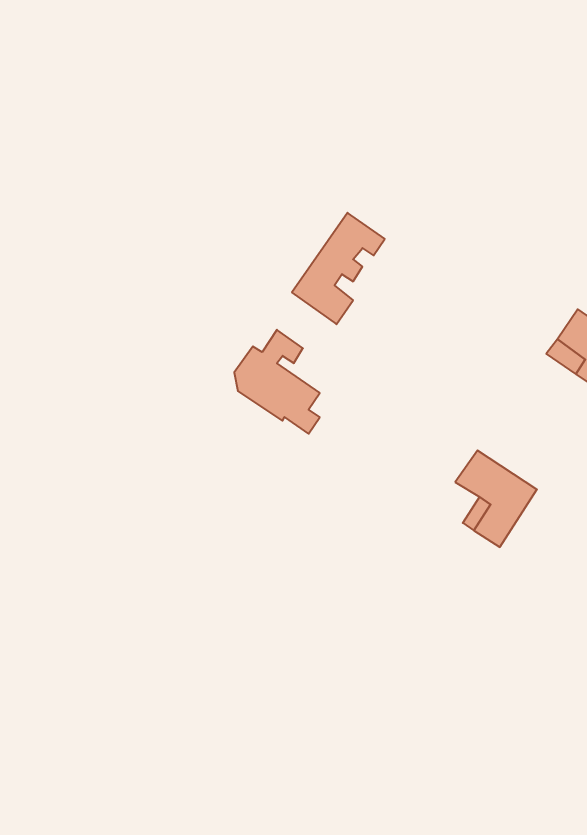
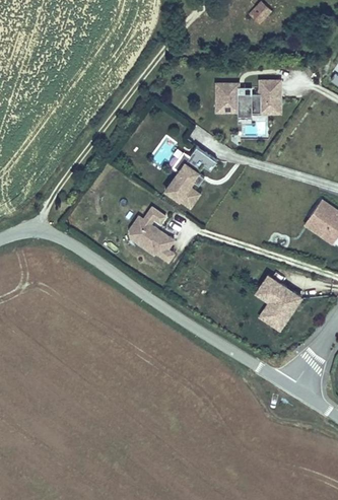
building: none -> [218,80,281,119]

